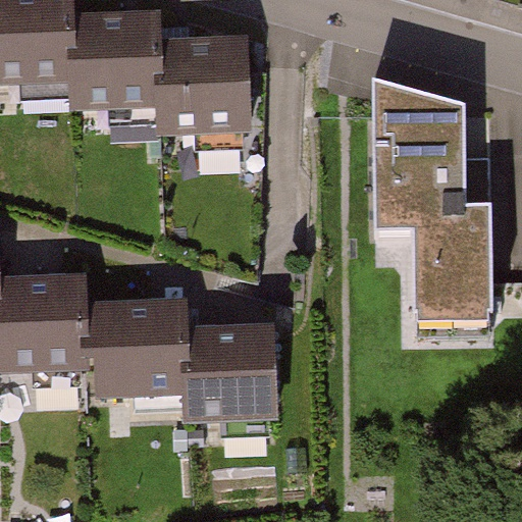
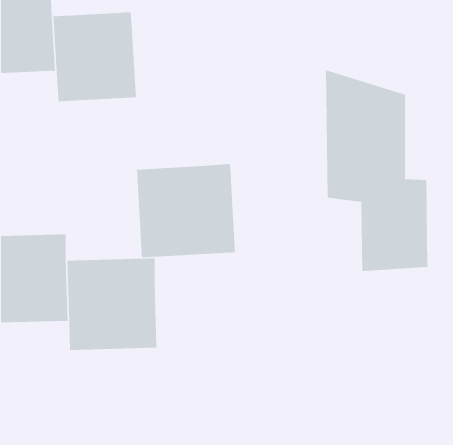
building: [154,38,249,137] -> none
building: none -> [136,163,236,258]
building: [179,322,275,425] -> none

